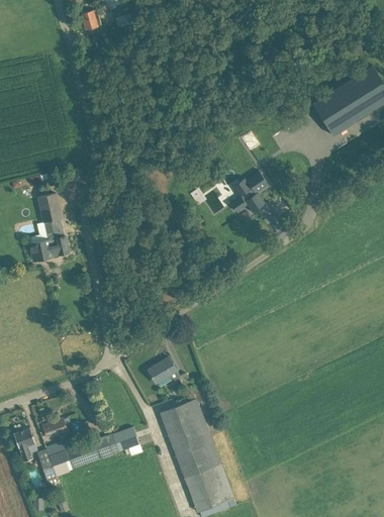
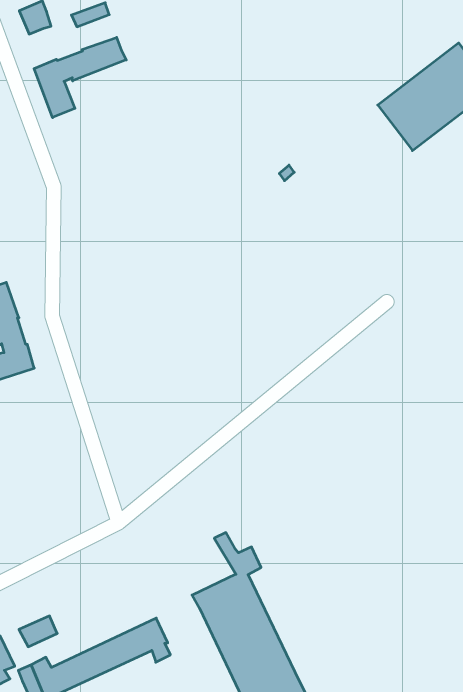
building: none -> [34,37,126,118]
building: [230,171,269,212] -> none
building: [148,357,177,384] -> none

